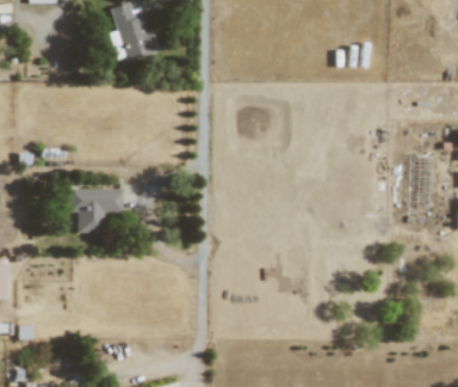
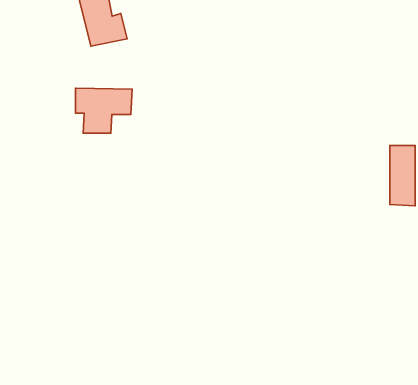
building: [70,188,124,231] -> [76,88,132,133]

